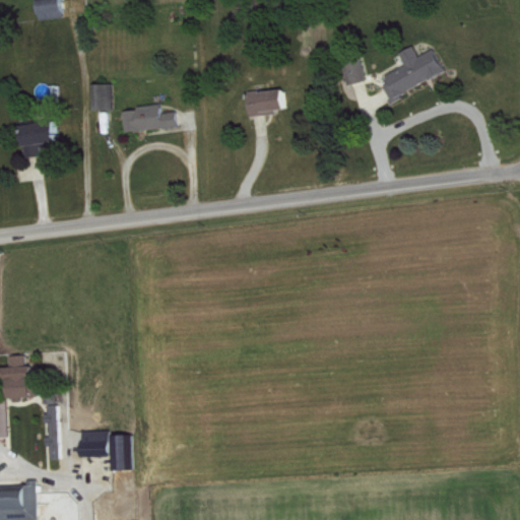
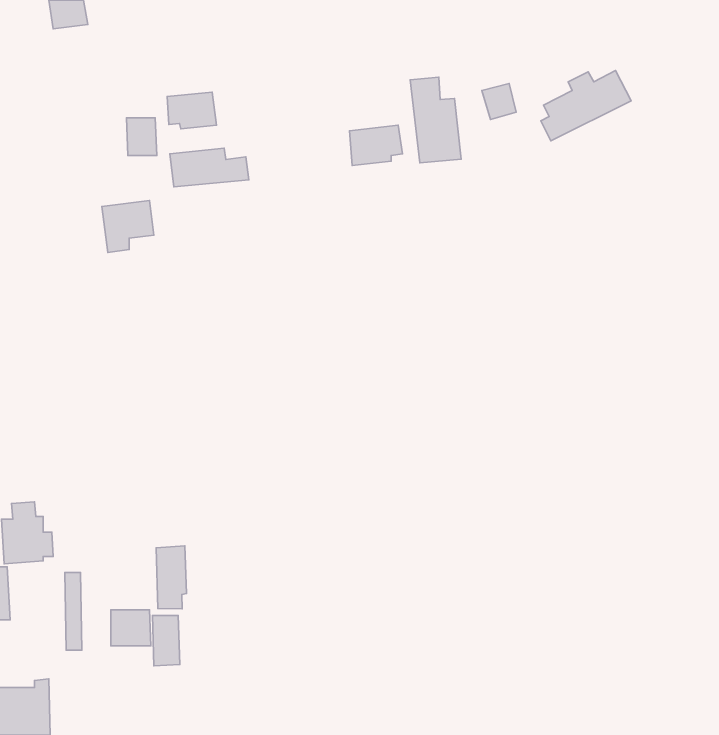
building: none -> [410,77,461,163]
building: none -> [167,92,217,129]
building: [19,121,56,157] -> [102,201,154,252]
building: none -> [156,546,187,609]

